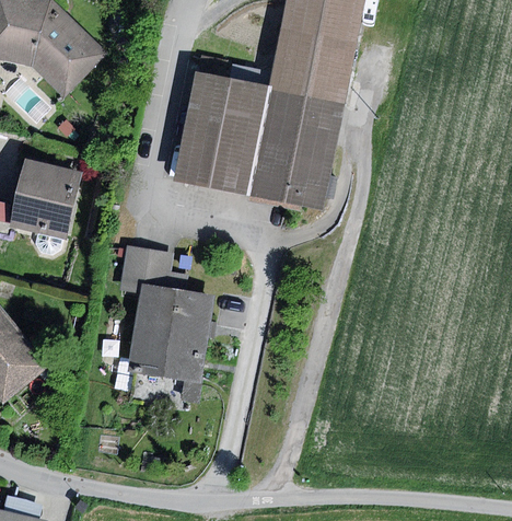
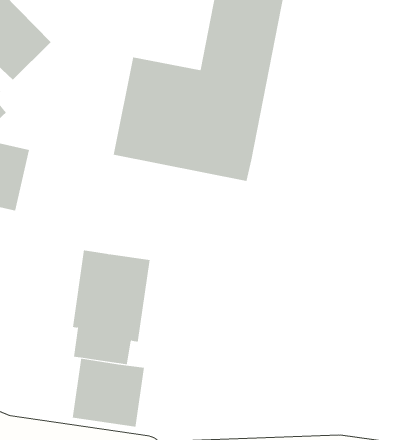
building: [120,244,174,287] -> none
building: none -> [72,358,144,428]

